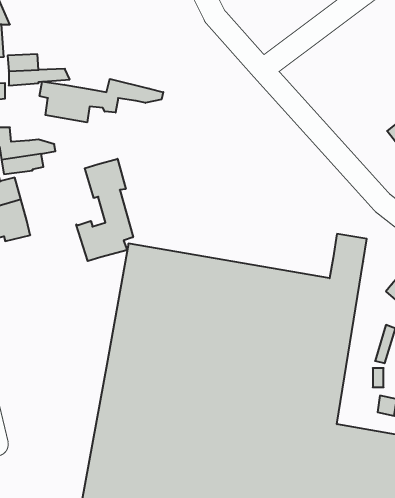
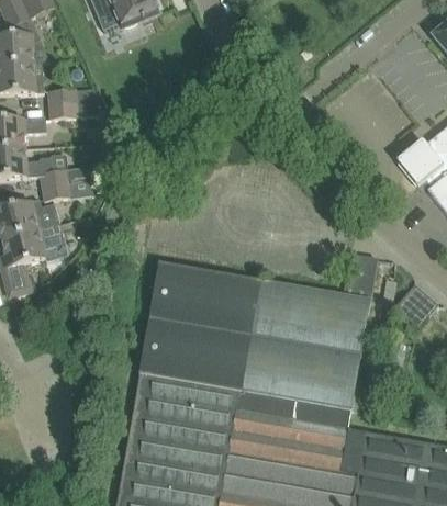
building: [40,79,163,122] -> none
building: [76,159,133,261] -> none

